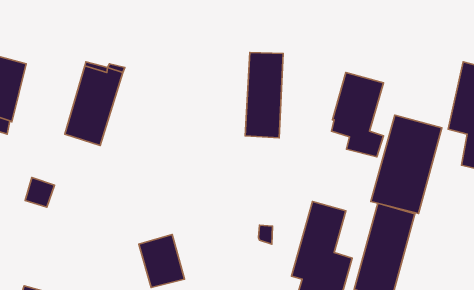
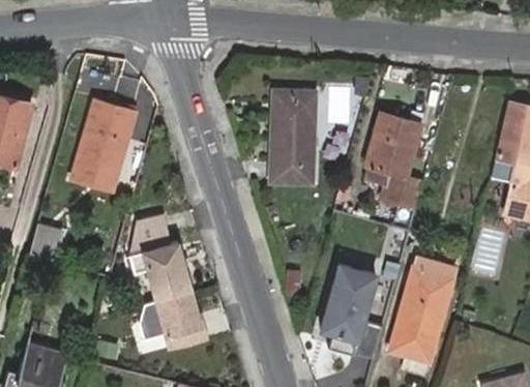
building: [371,115,442,213] -> none
building: none -> [132,213,190,300]

